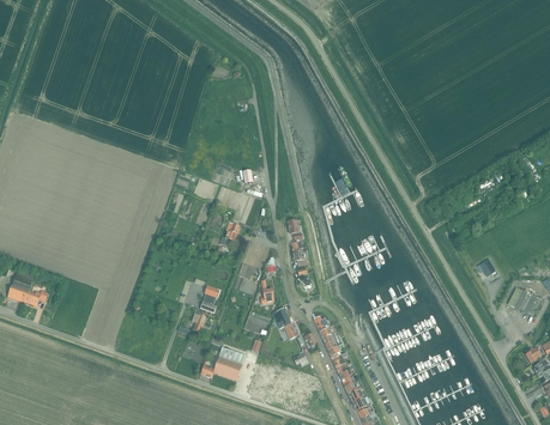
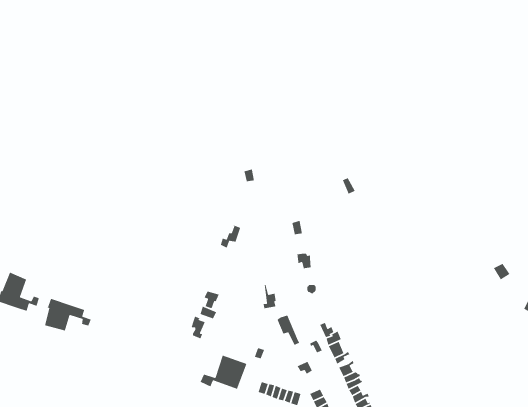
building: none -> [44,298,92,332]

